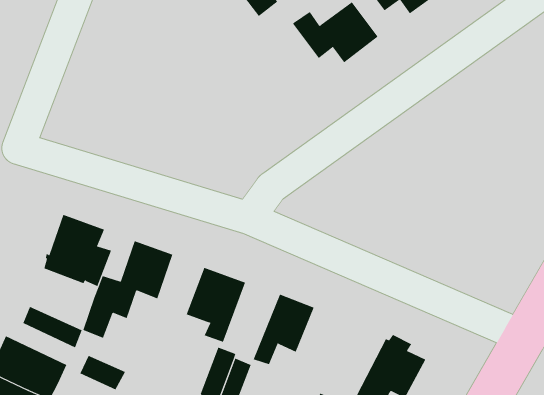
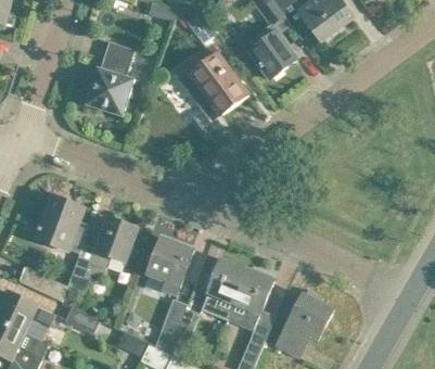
building: none -> [85,41,133,115]
building: none -> [174,43,247,137]
building: none -> [232,268,273,328]

